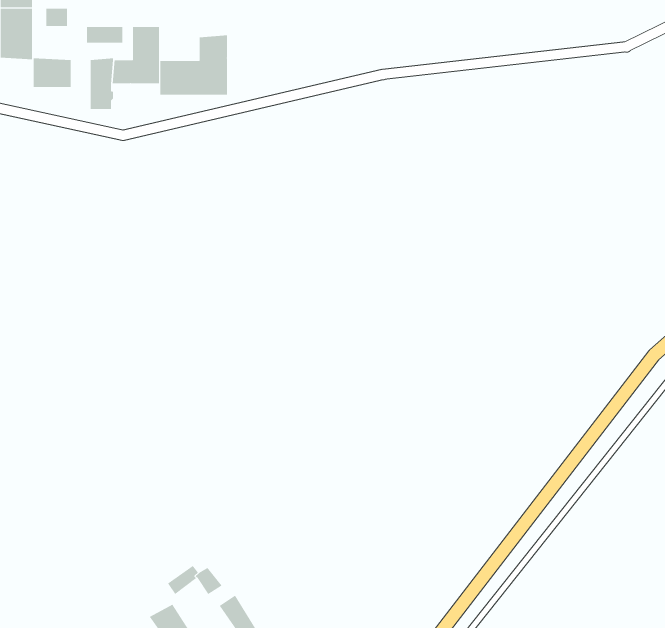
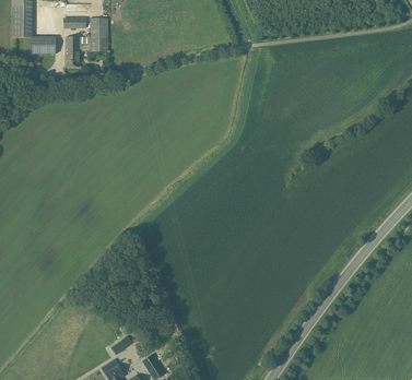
building: [160,35,227,95] -> none

